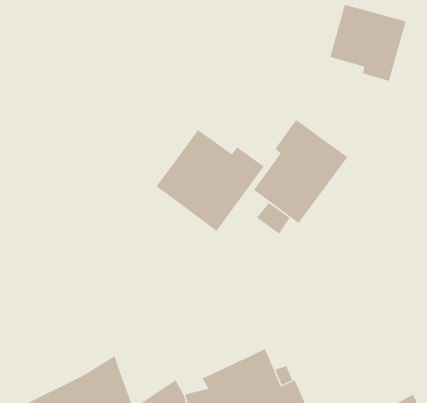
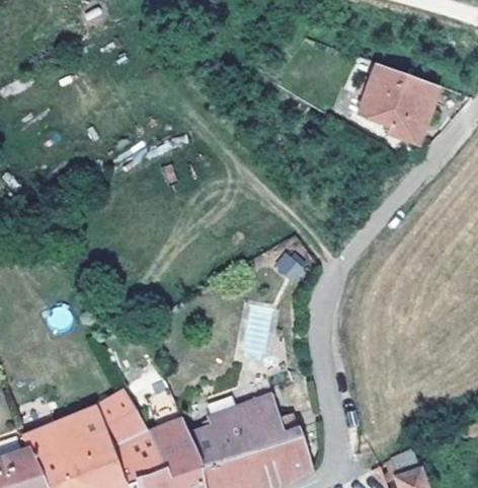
building: [253,119,348,224] -> none
building: [156,129,265,232] -> none

